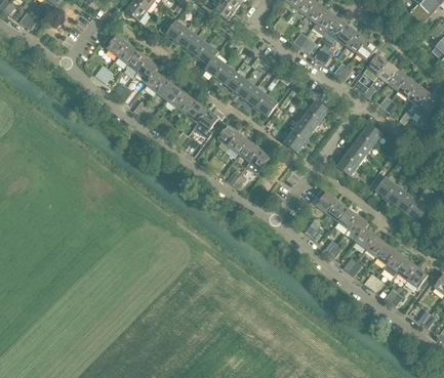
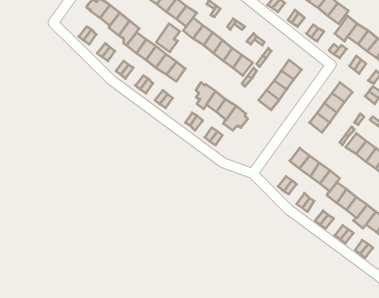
building: [193,109,217,138] -> [156,24,180,52]

